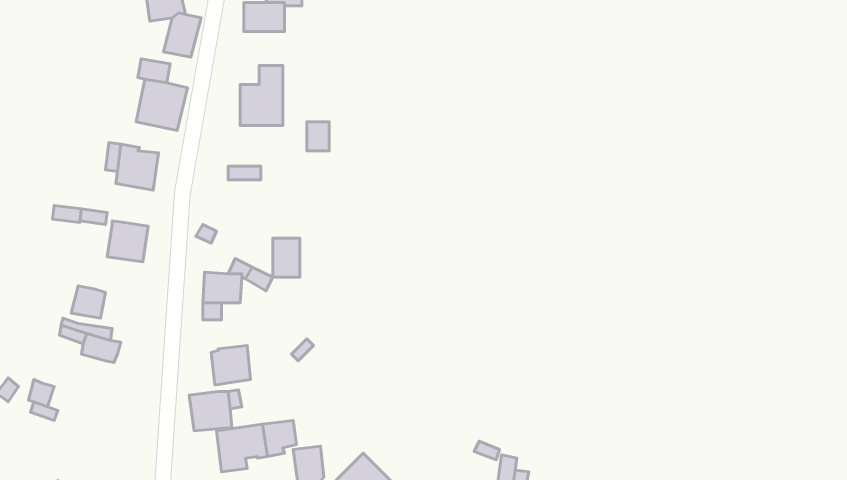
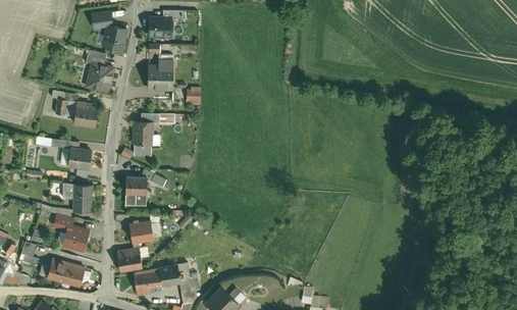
building: [273,238,300,277] -> [134,121,150,145]
building: none -> [73,185,91,213]
building: none -> [62,225,91,253]
building: none -> [43,262,87,292]

